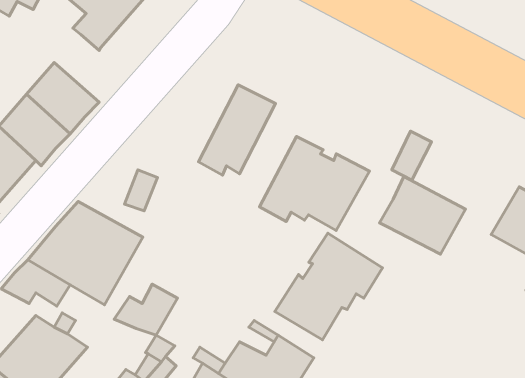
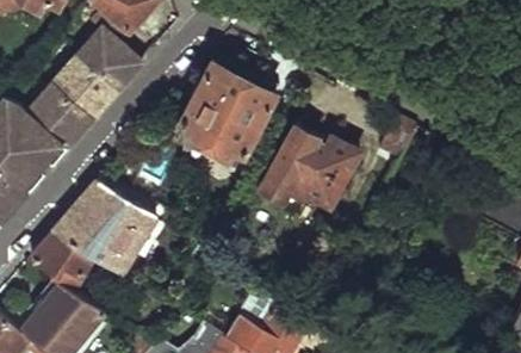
building: none -> [77,32,142,93]
building: none -> [179,61,243,147]
building: [379,177,465,254] -> none
building: [275,233,382,340] -> none
building: [114,284,177,335] -> none

